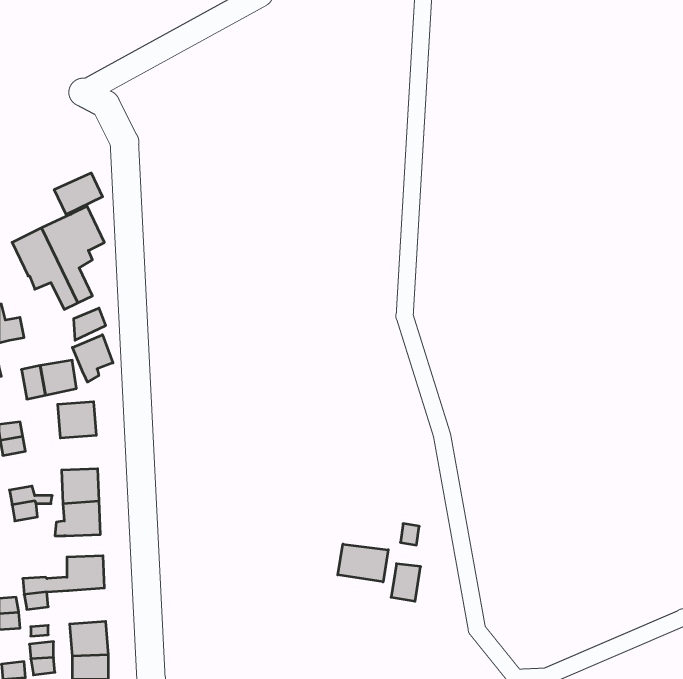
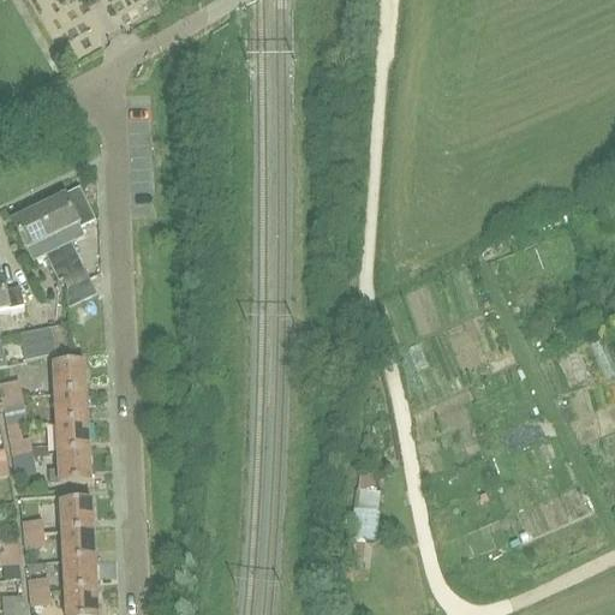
building: [54,173,103,214] -> none
building: [72,335,113,382] -> none
building: none -> [54,390,88,422]
building: [338,544,388,582] -> none
building: none -> [61,527,95,560]

